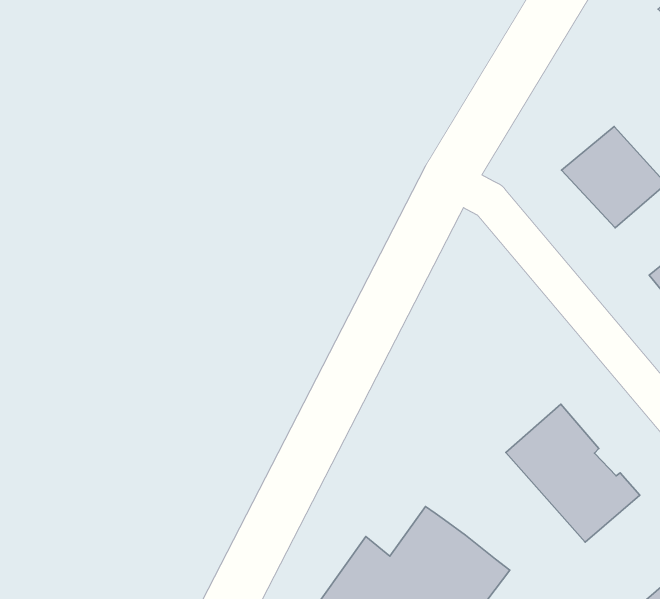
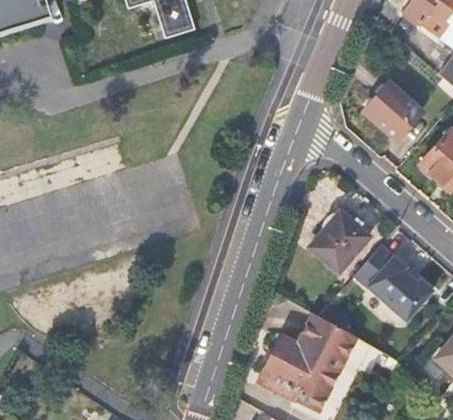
building: none -> [309,210,367,272]

